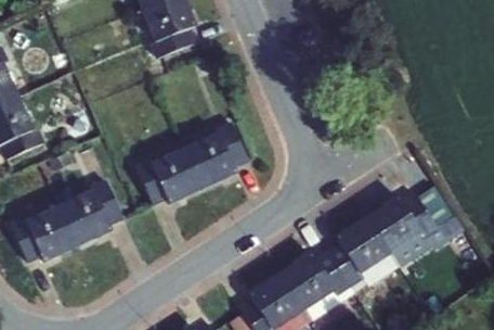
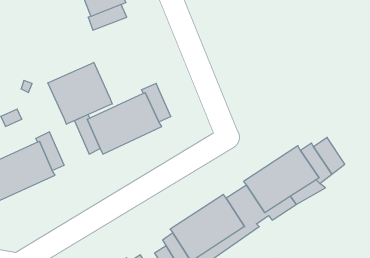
building: none -> [48,62,112,124]

